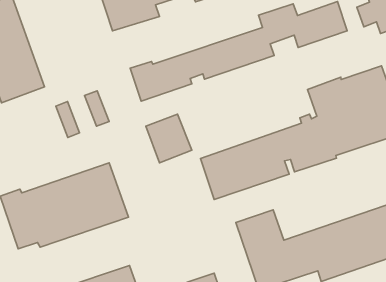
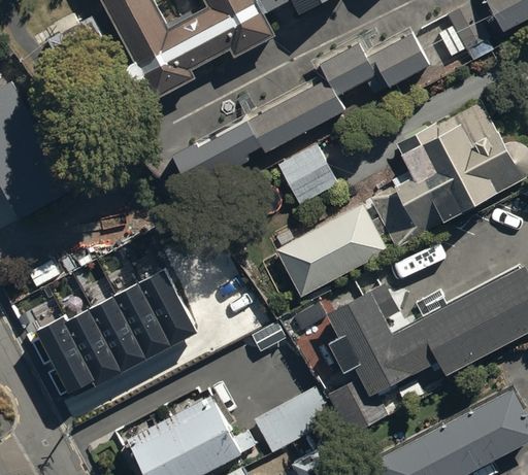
building: [146,114,192,163] -> [277,142,338,205]

